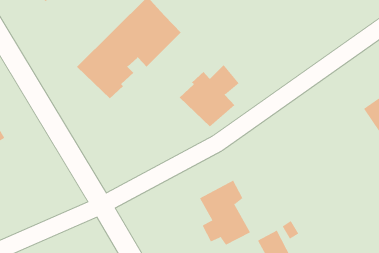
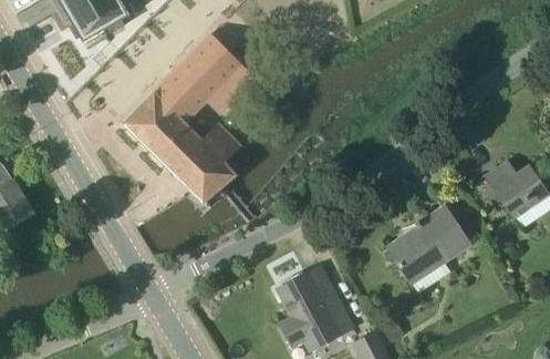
building: [179,64,240,127] -> [164,121,240,201]
building: none -> [387,204,471,283]

